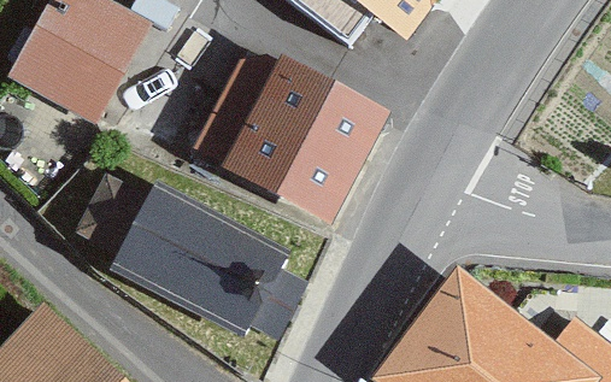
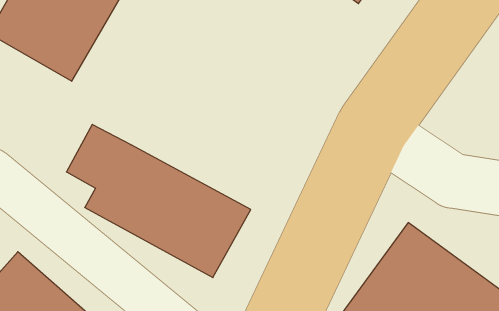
building: [225,70,374,212] -> none

